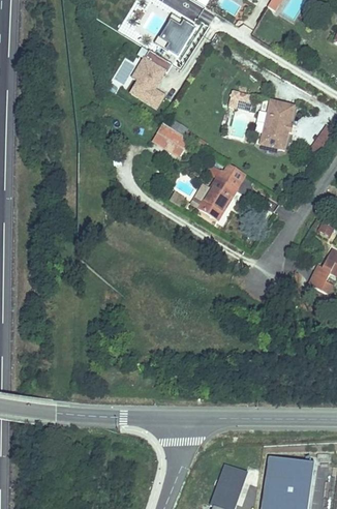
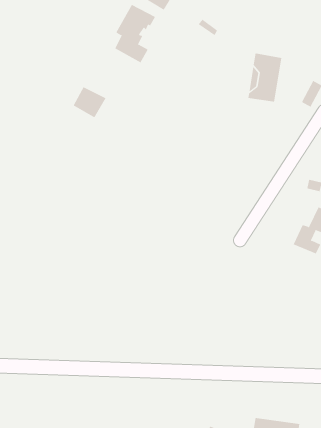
building: [152,127,185,158] -> [73,87,106,118]
building: [198,163,247,217] -> none

